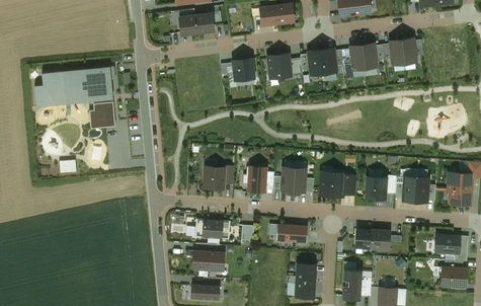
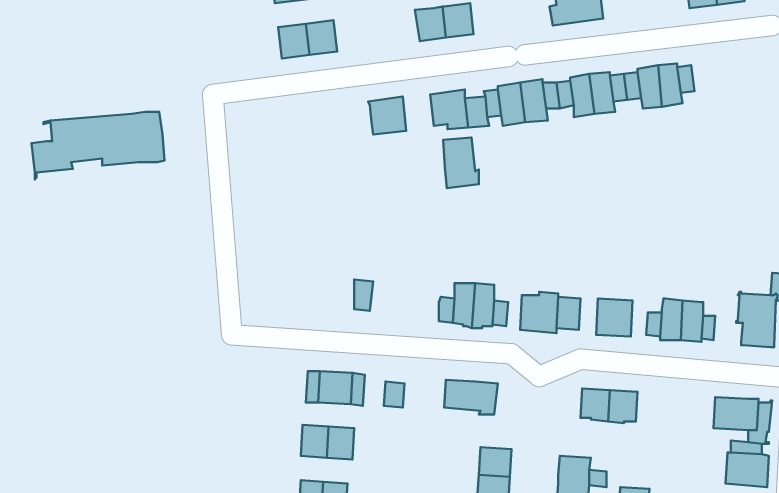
building: none -> [443,138,479,188]
building: [89,101,115,129] -> none
building: [205,166,224,188] -> none
building: [243,166,266,192] -> none

